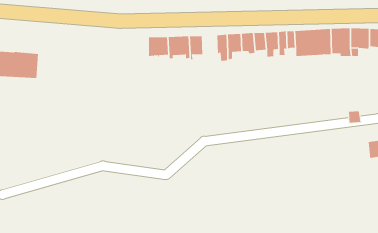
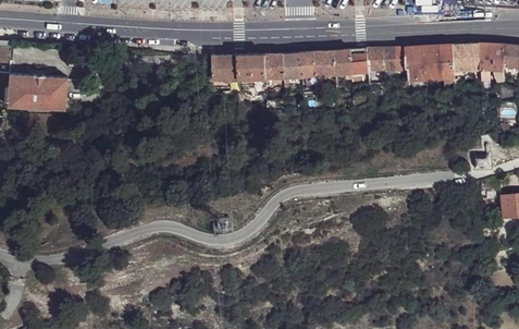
building: none -> [283,53,302,80]

